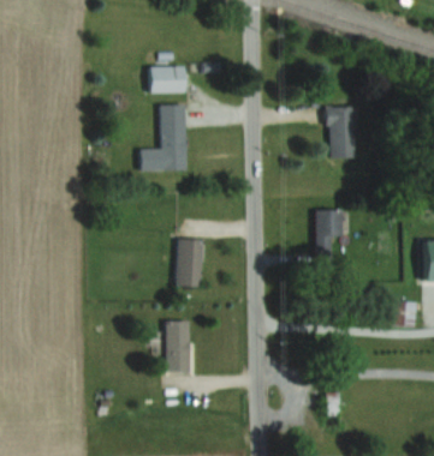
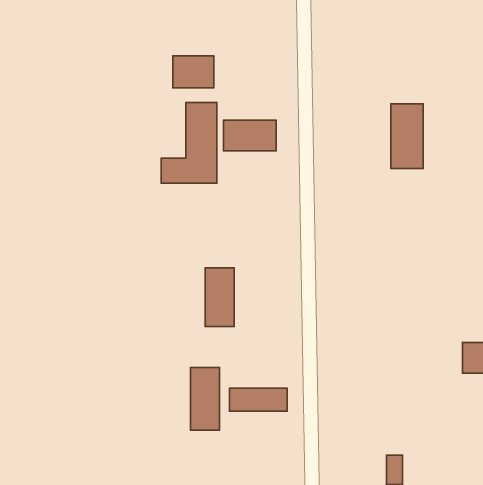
building: none -> [223,120,276,151]
building: [316,210,341,266] -> none
building: none -> [229,388,287,411]

